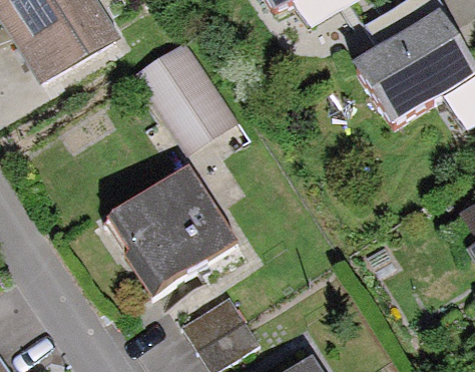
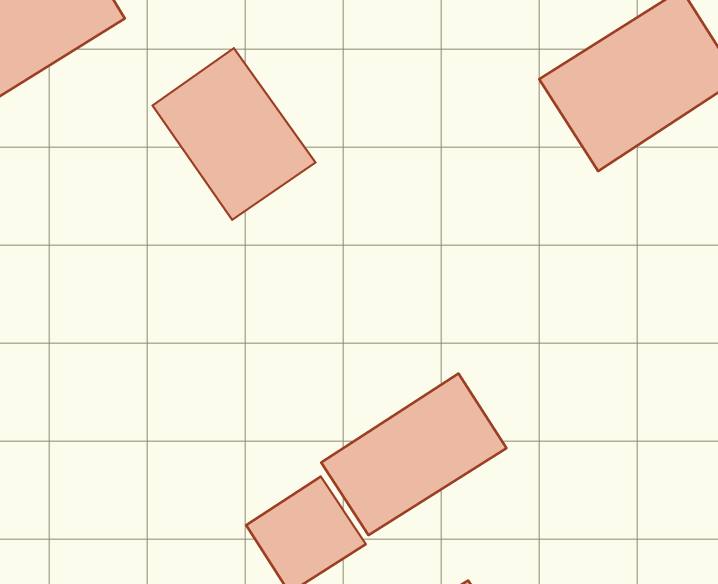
building: [109,167,232,288] -> none
building: none -> [321,374,506,535]

